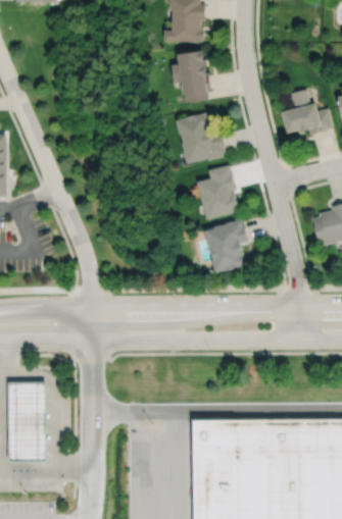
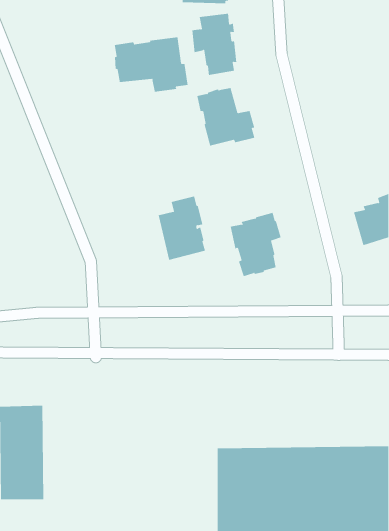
building: none -> [114,37,188,92]
building: [280,89,332,135] -> none
building: [197,164,238,219] -> [158,196,206,261]

